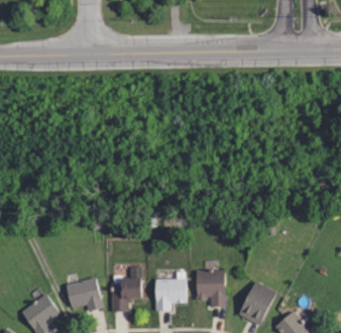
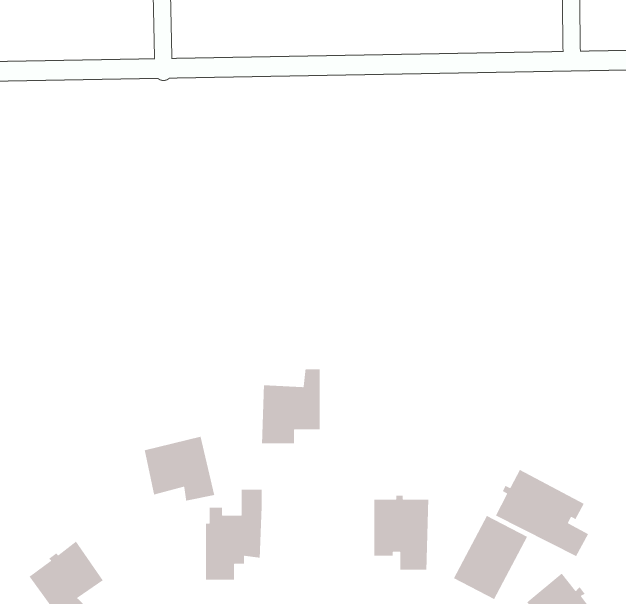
building: none -> [495,469,589,557]
building: [154,273,185,312] -> [261,369,321,444]
building: [67,278,103,311] -> [144,436,215,501]

